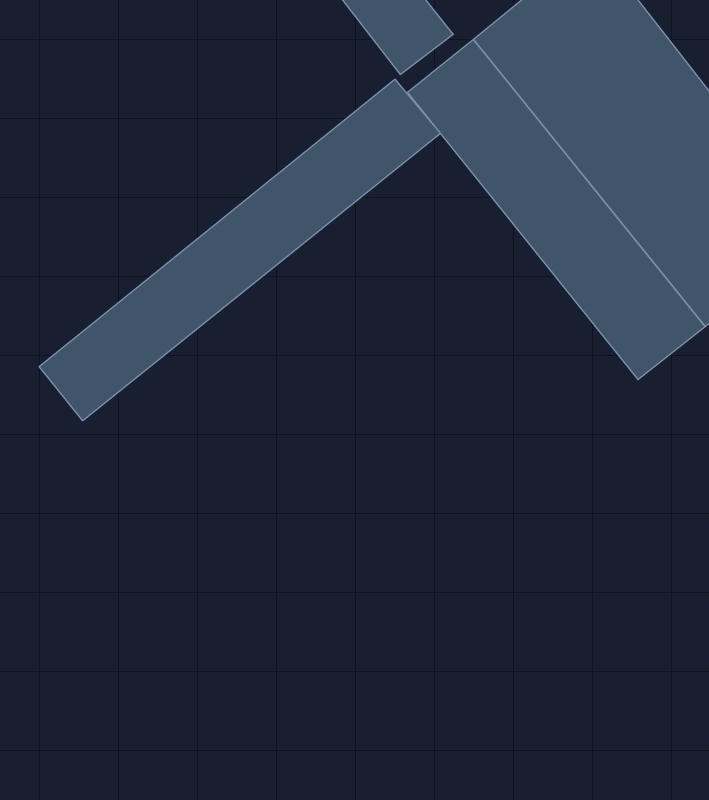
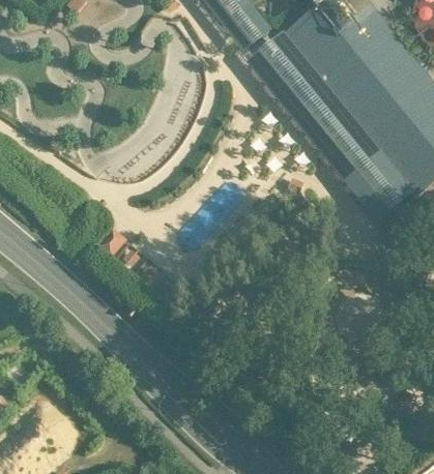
building: [39,79,440,421] -> none

